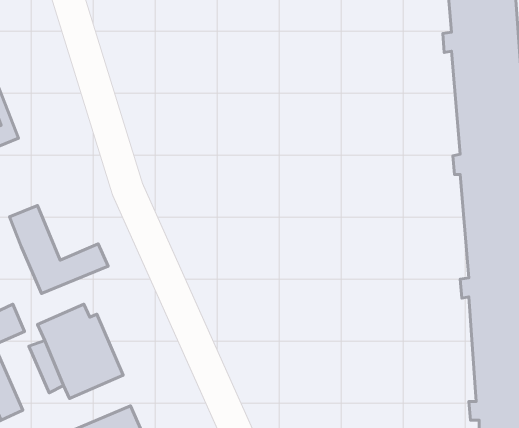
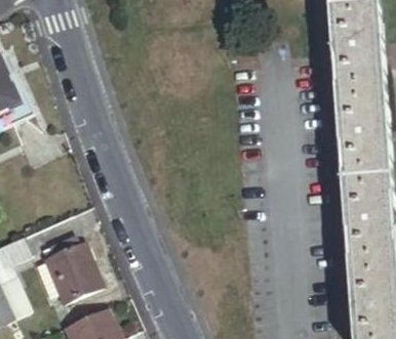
building: [10,205,108,293] -> none

